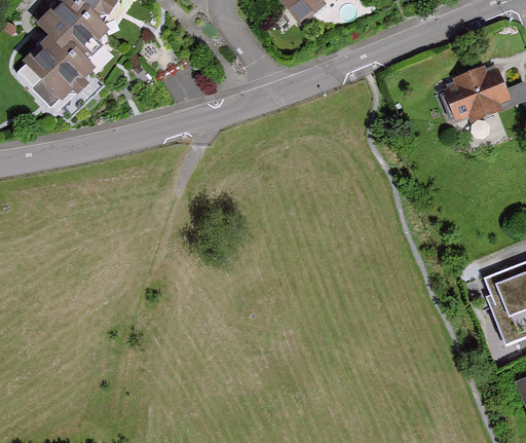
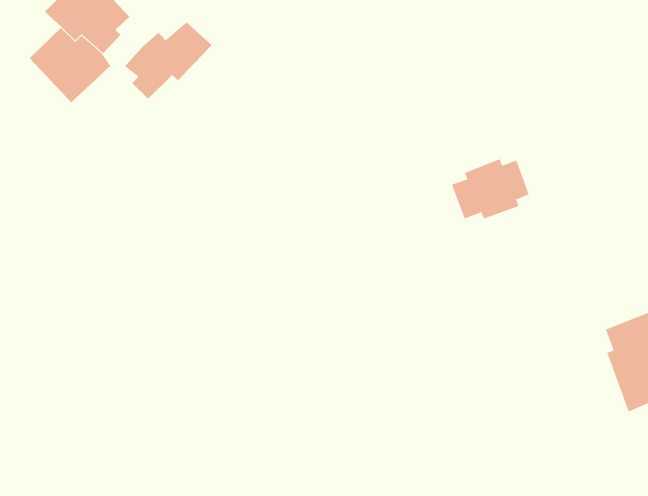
building: none -> [124,22,213,100]
building: [445,70,508,118] -> [451,159,530,219]

